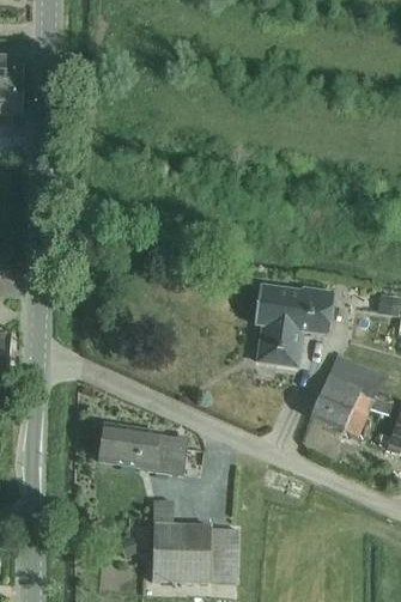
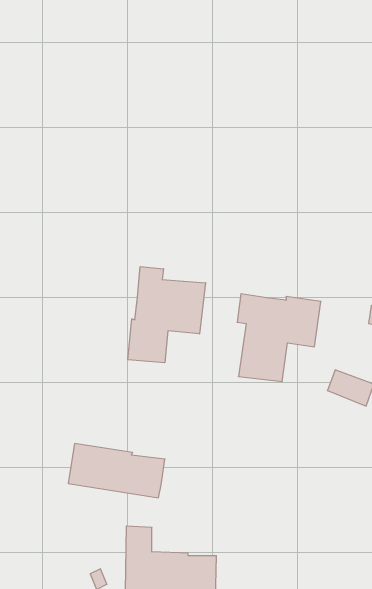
building: none -> [128,267,206,363]
building: [309,381,372,437] -> none

